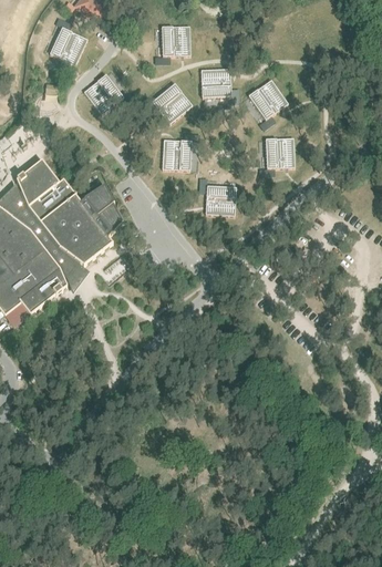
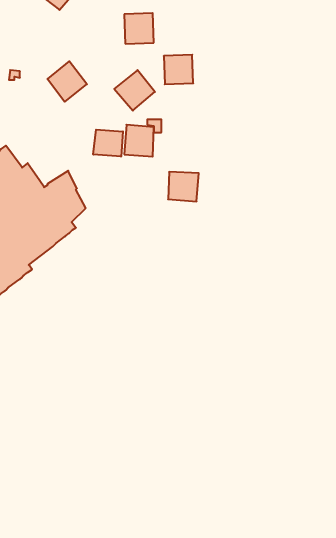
building: [49,27,87,65] -> none
building: [247,79,288,120] -> none
building: [265,137,295,168] -> none
building: none -> [93,130,123,157]

